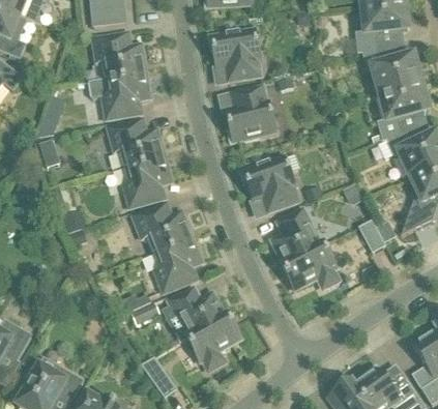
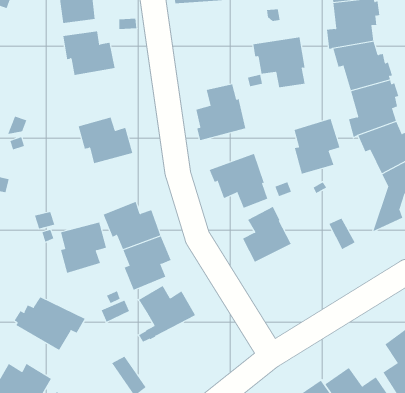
building: [208,29,261,80] -> [253,37,306,88]
building: [103,70,150,118] -> none
building: none -> [294,118,340,174]
building: [124,155,171,207] -> [60,222,107,274]
building: [282,243,338,289] -> none
building: none -> [14,296,85,351]
building: [186,315,241,367] -> none

